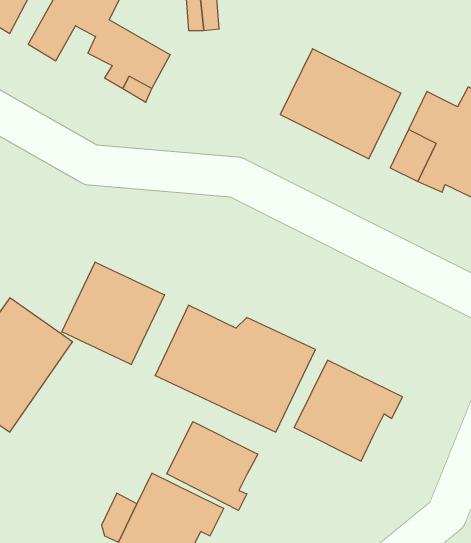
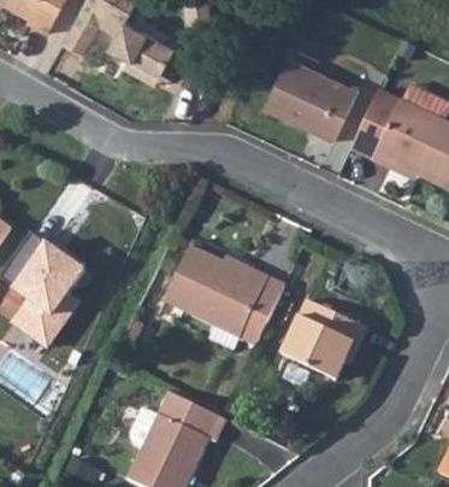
building: [62,262,165,365] -> none
building: [167,422,258,510] -> none

